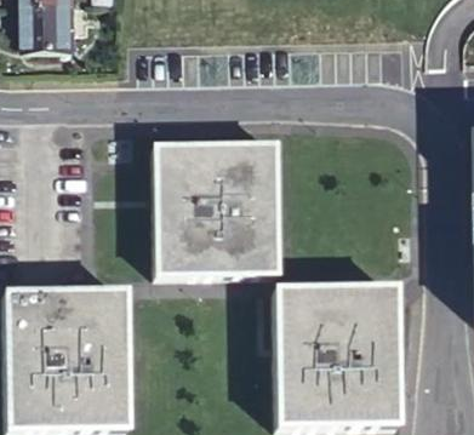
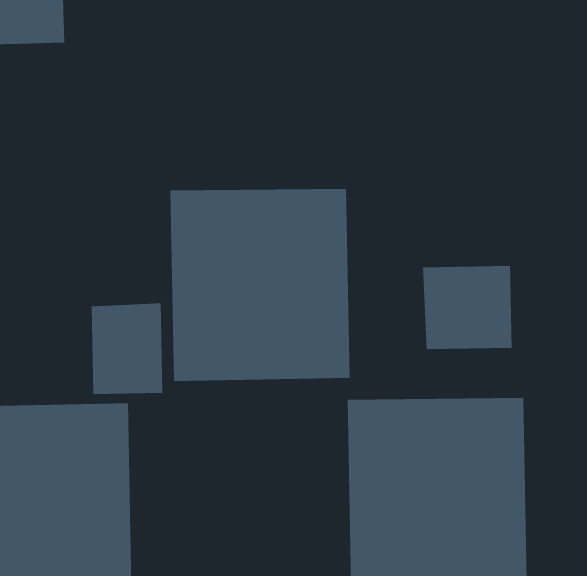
building: none -> [423,265,512,350]
building: none -> [91,303,163,395]

